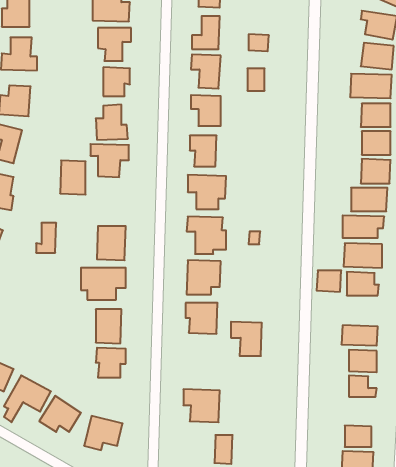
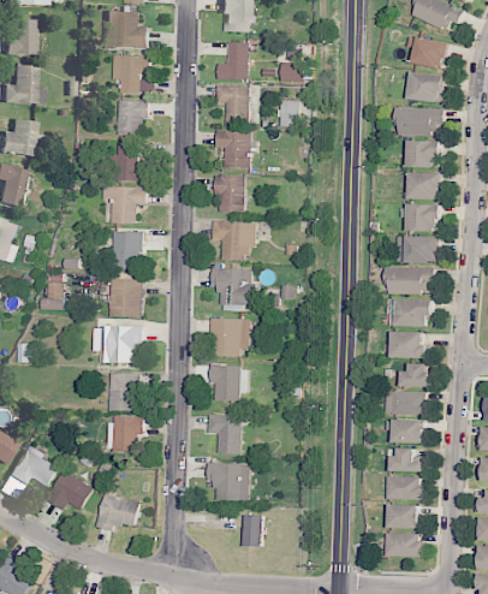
building: [60,160,86,195] -> [112,231,141,269]
building: [317,270,341,292] -> [403,363,430,387]
building: [231,322,262,356] -> [207,415,242,453]
building: none -> [386,476,422,498]

